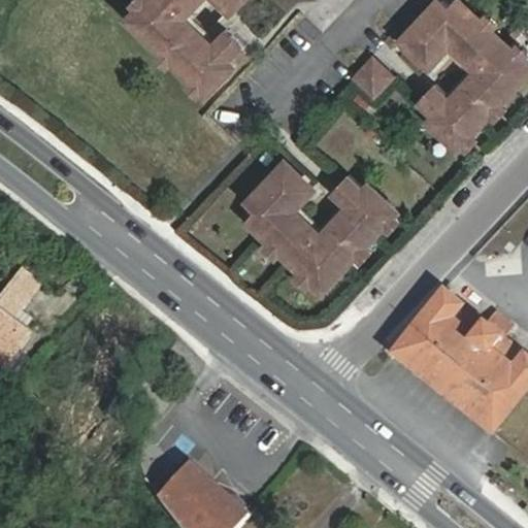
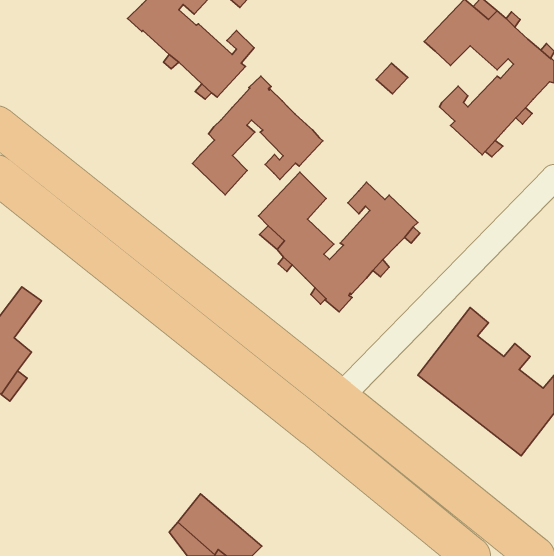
building: none -> [192,76,323,195]

